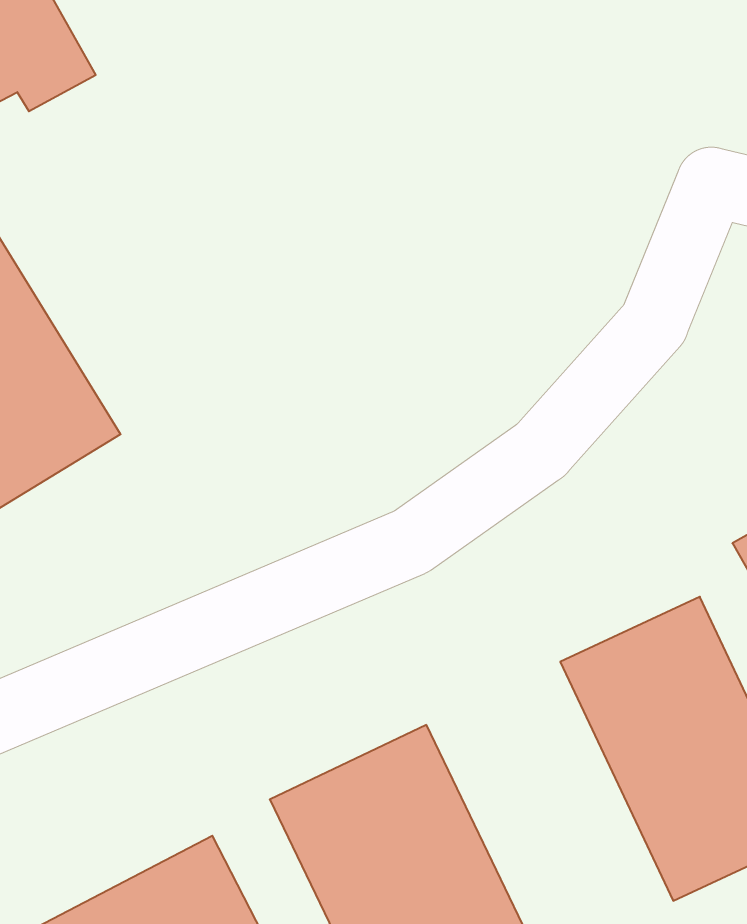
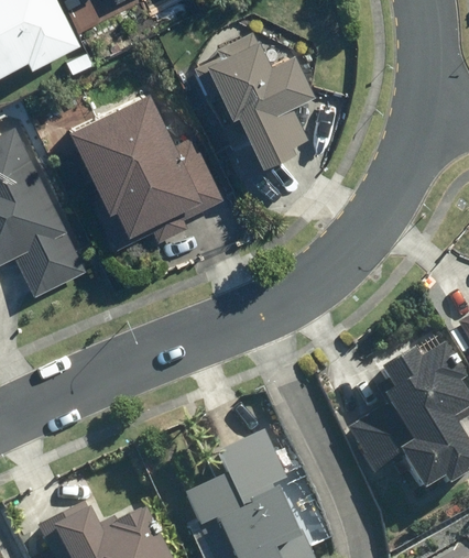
building: none -> [203,41,315,176]
building: none -> [79,86,210,229]

